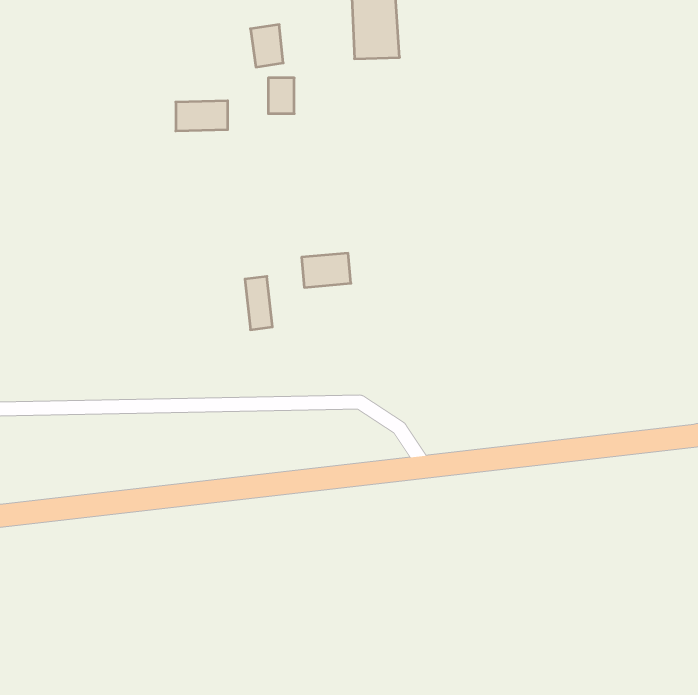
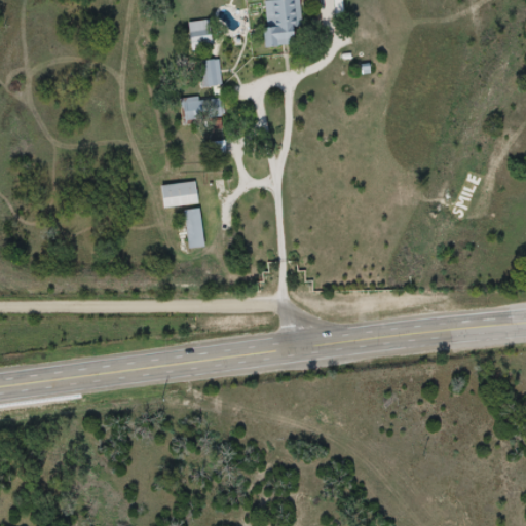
building: [176,101,228,131] -> [182,97,221,119]
building: [302,253,351,287] -> [161,181,198,206]

